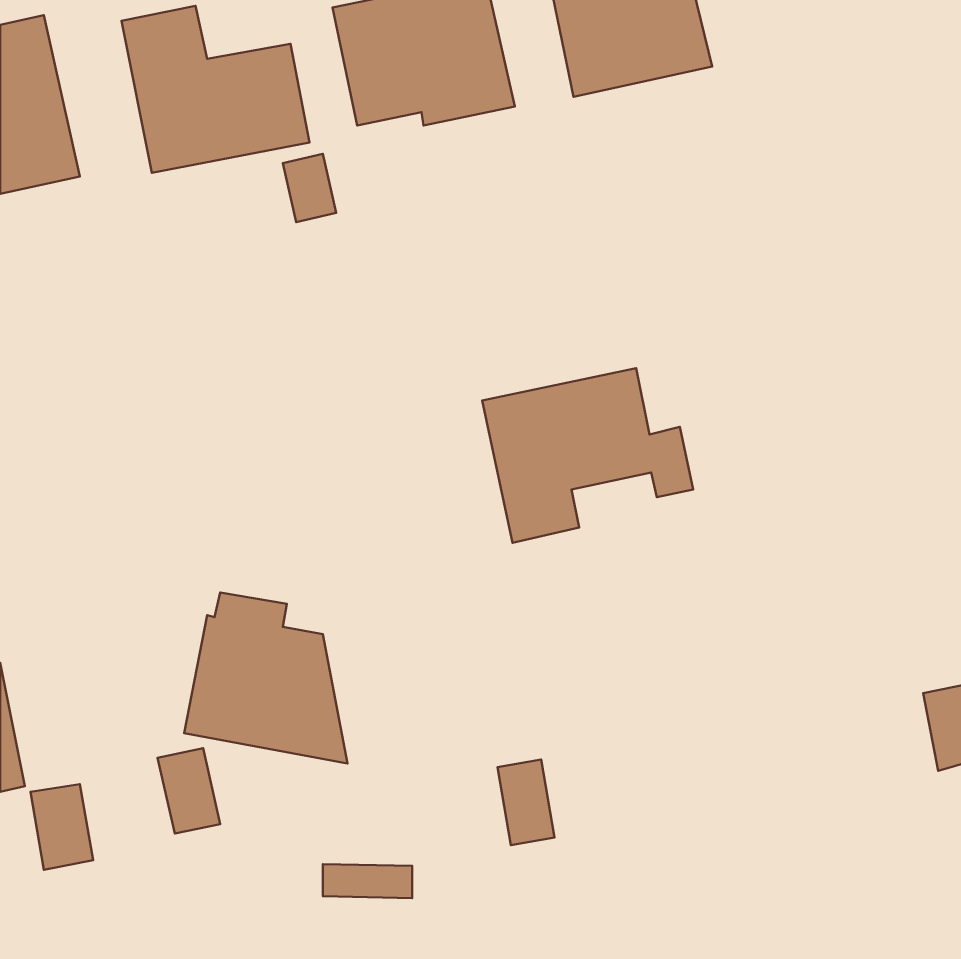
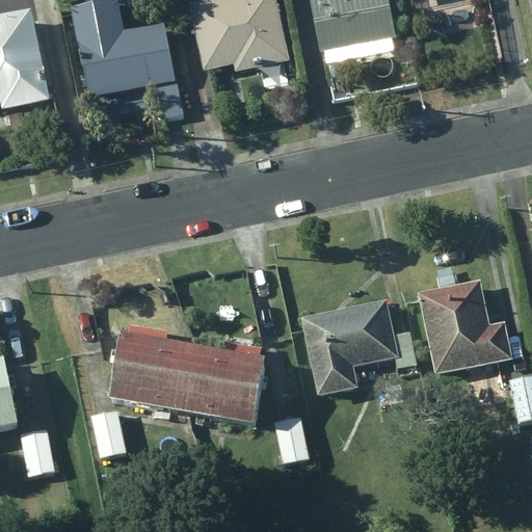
building: [482,368,693,543] -> [302,299,418,395]
building: none -> [420,281,511,373]
building: none -> [182,340,257,426]

